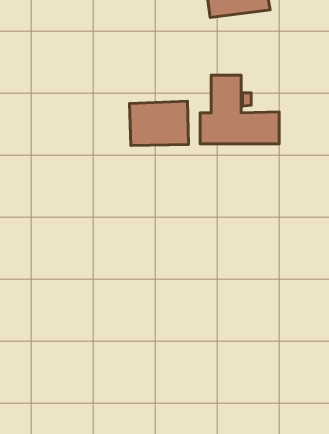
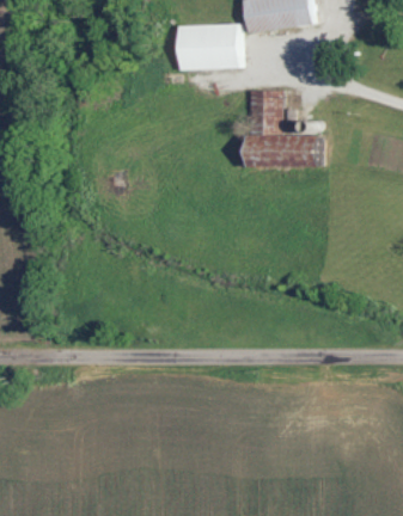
building: [130,101,189,146] -> [178,20,242,68]

